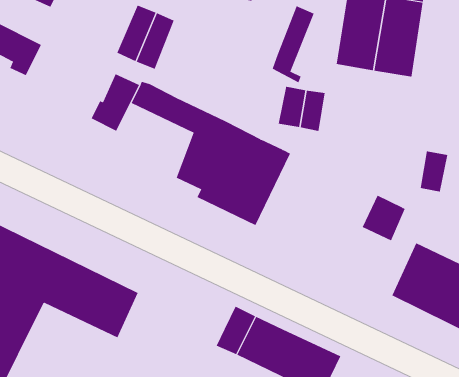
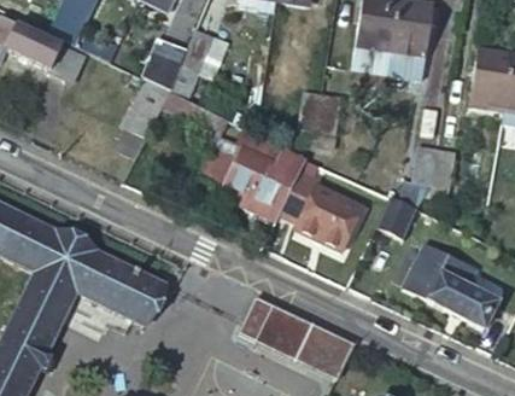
building: [272,6,314,83] -> [177,29,217,101]
building: none -> [390,147,435,204]
building: none -> [295,185,362,251]

